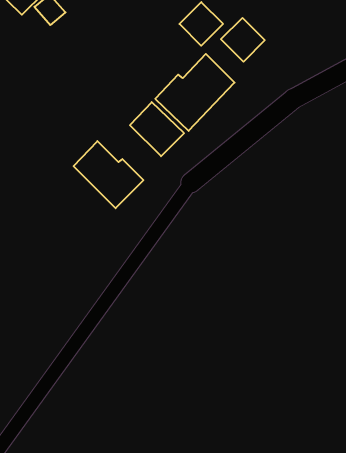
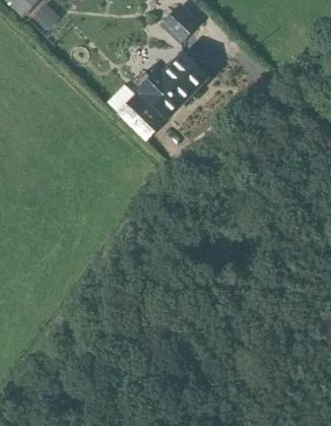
building: [221,18,265,62] -> none
building: [74,141,143,208] -> none

